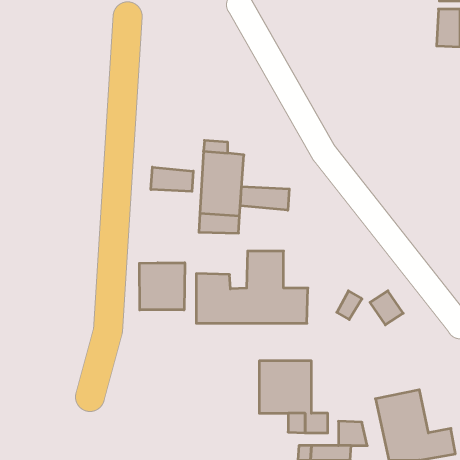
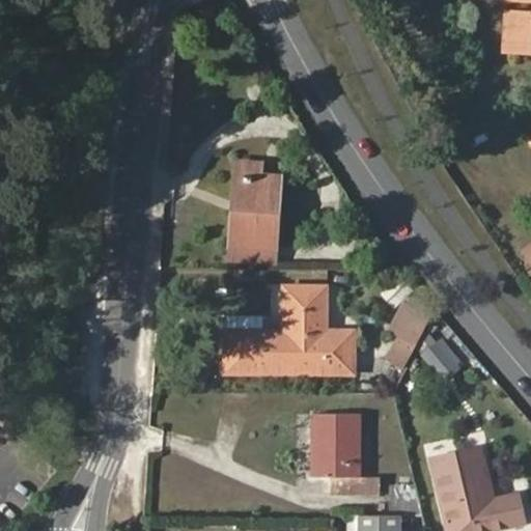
building: [151,167,193,191] -> none
building: [240,187,289,210] -> none
building: none -> [393,301,431,343]
building: [139,263,185,310] -> none

